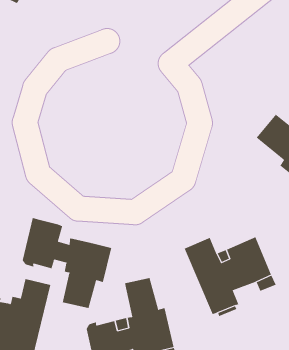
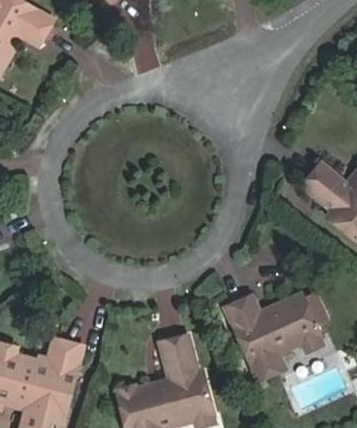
building: [22,217,112,309] -> none

